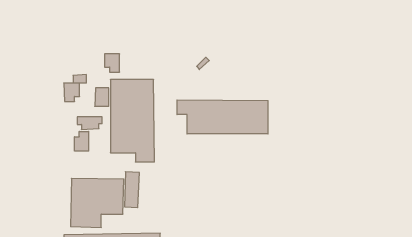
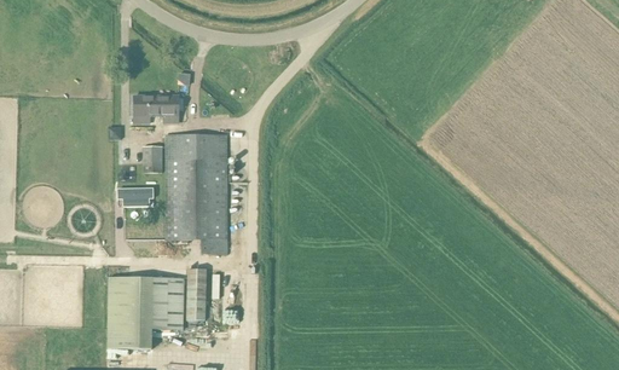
building: [64,83,80,101] -> [133,97,156,123]
building: [177,100,268,134] -> none
building: [75,131,89,151] -> none

